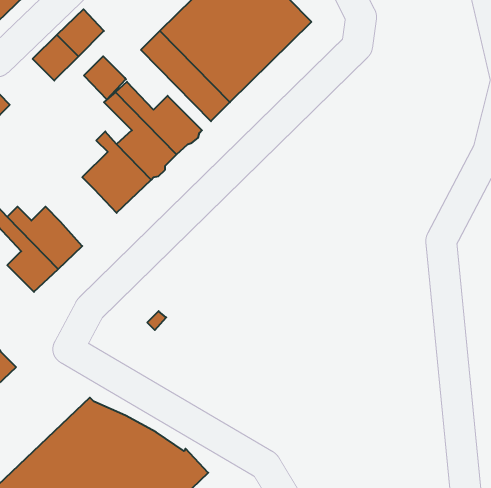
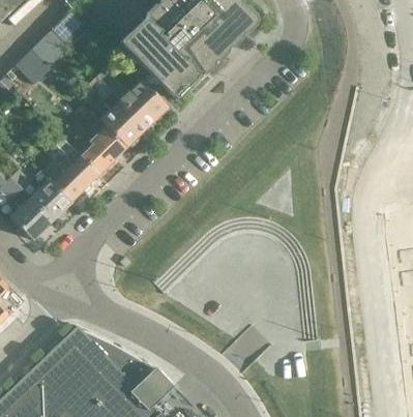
building: [84,56,126,100] -> [12,53,47,88]
building: none -> [51,141,96,205]

